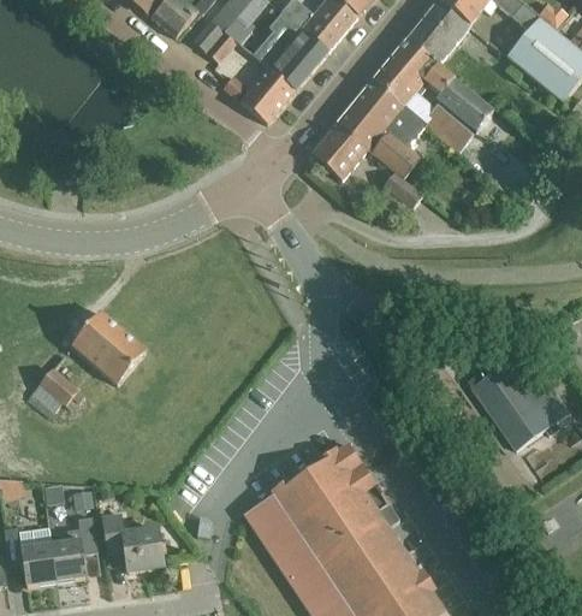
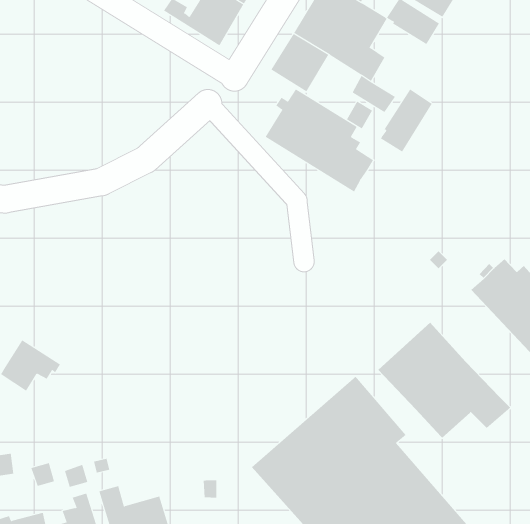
building: none -> [265,89,374,193]
building: none -> [380,89,432,152]
building: [71,312,146,384] -> none
building: none -> [377,322,511,438]

